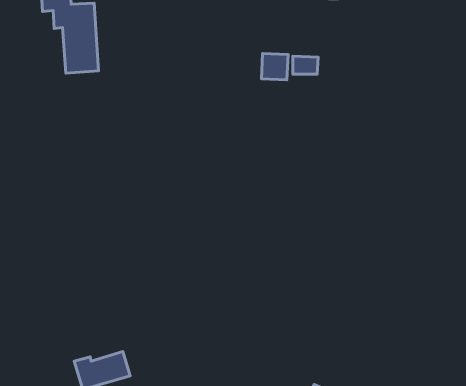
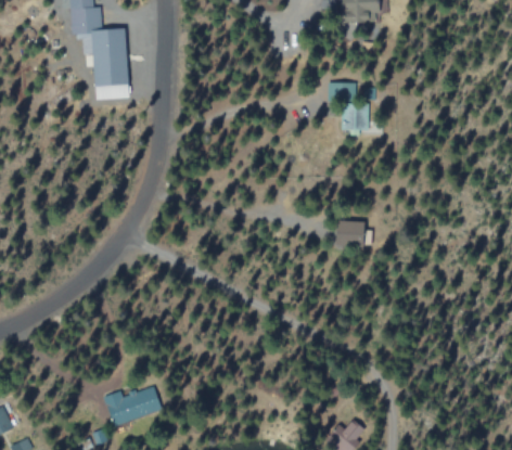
building: [262,53,288,80] -> [342,103,369,130]
building: none -> [337,221,366,246]

